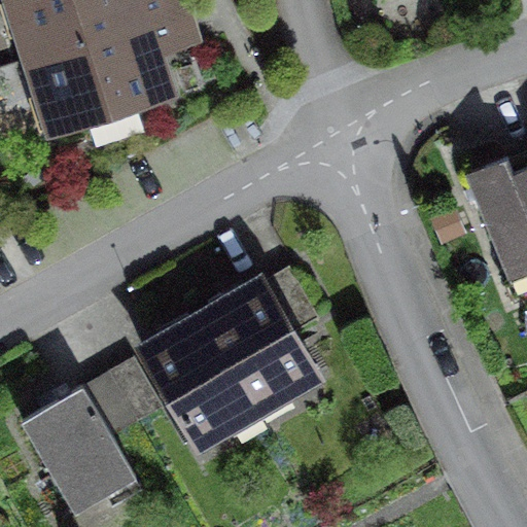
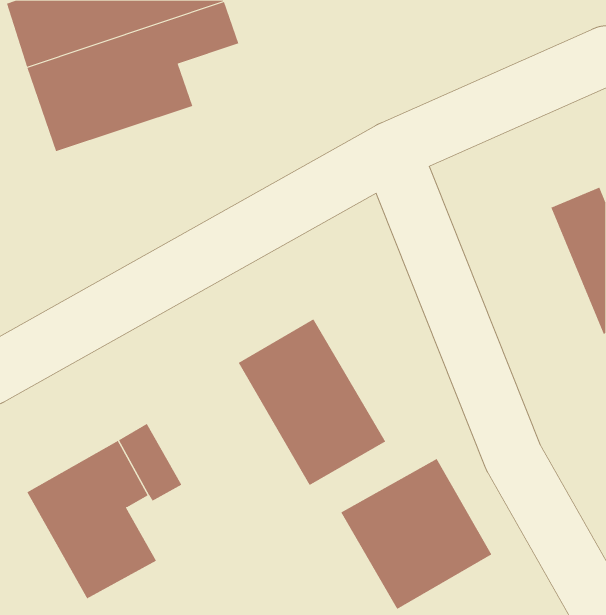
building: [140,311,264,452] -> none
building: none -> [341,458,492,610]

